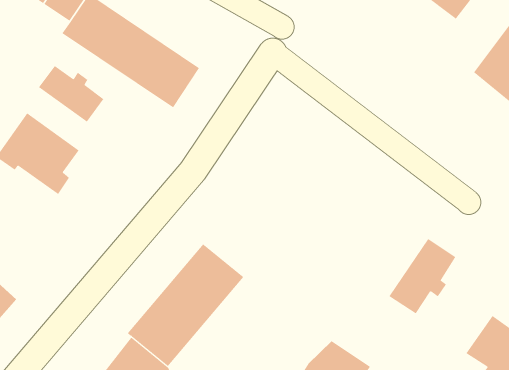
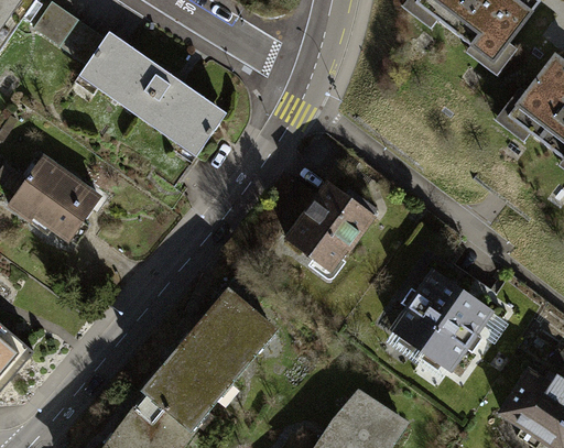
building: [38,65,104,123] -> none
building: none -> [286,183,378,270]
building: none -> [392,271,462,350]

